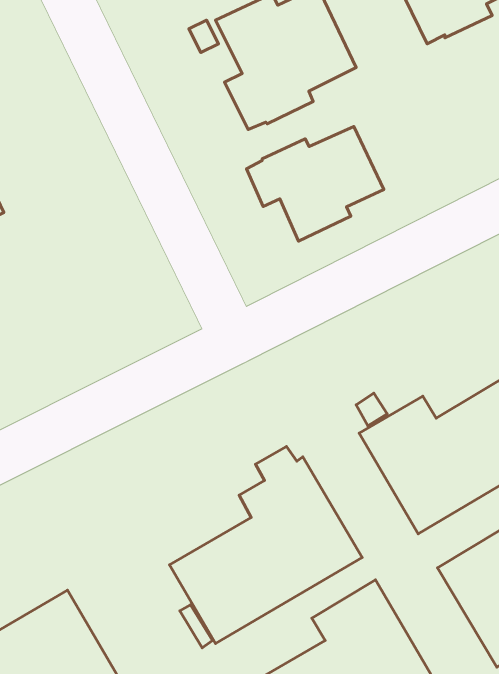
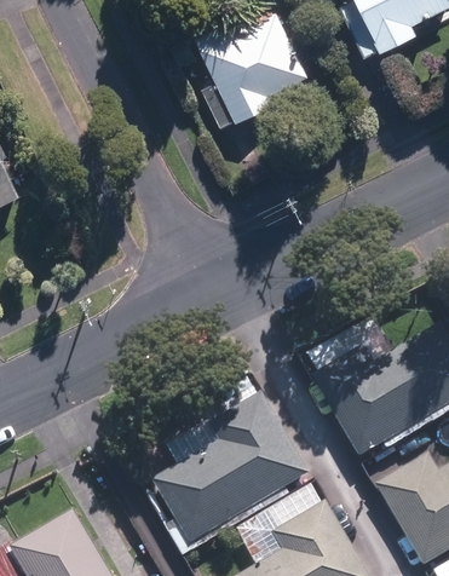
building: [247,126,384,241] -> none

